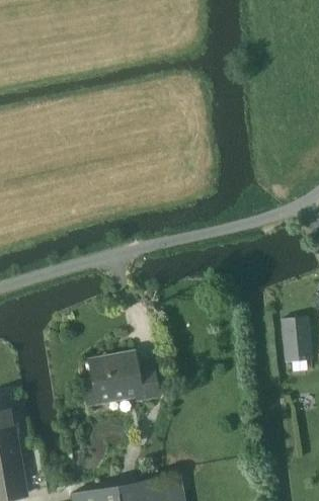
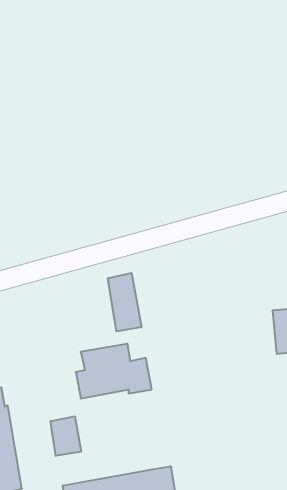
building: none -> [108,273,141,331]
building: none -> [51,416,81,456]

